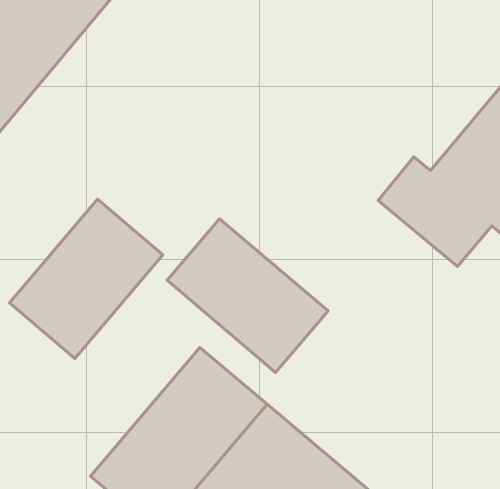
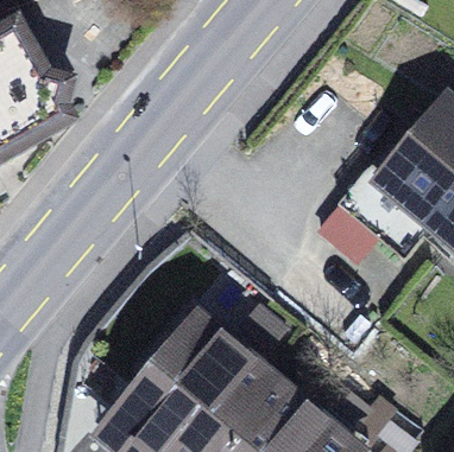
building: [9,199,163,359] -> none
building: [167,219,328,372] -> none

